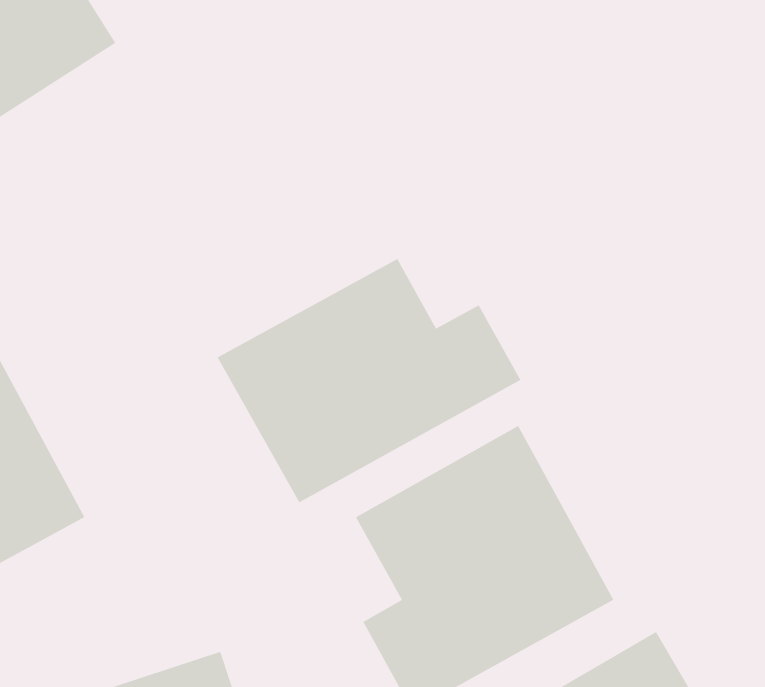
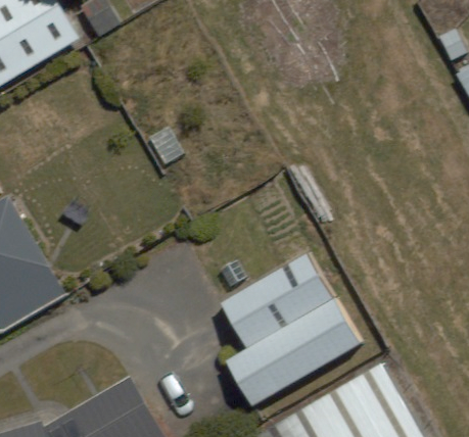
building: [217,258,521,503] -> none

